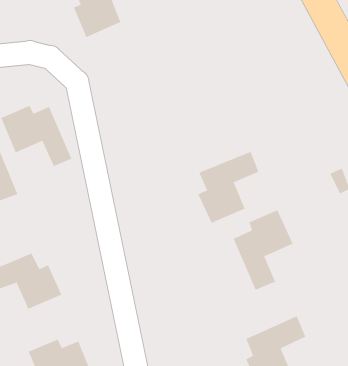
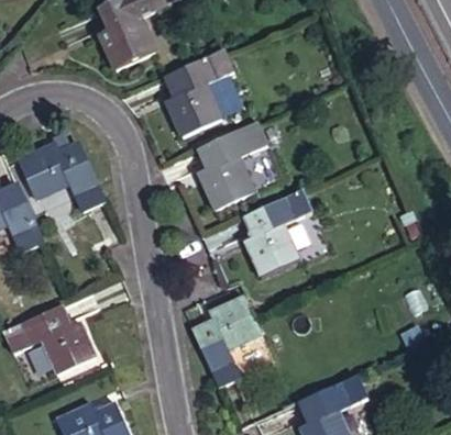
building: none -> [172,51,241,133]
building: none -> [201,122,271,203]
building: [233,210,293,291] -> [190,297,259,388]

